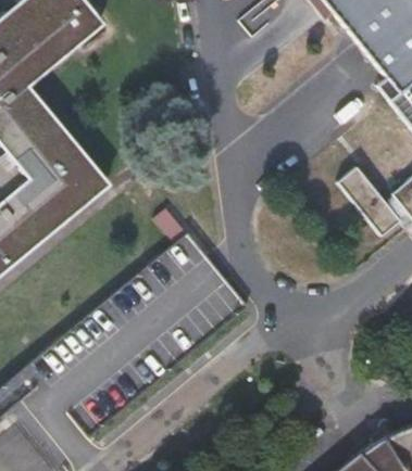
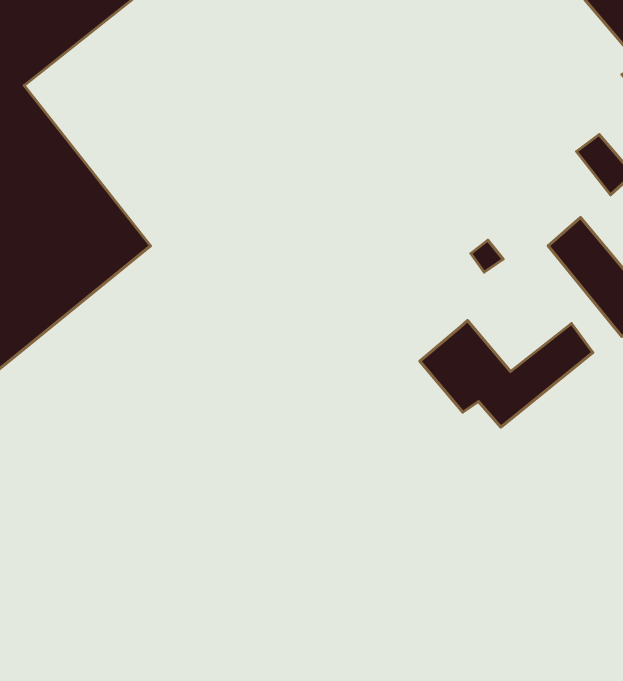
building: none -> [420,321,593,427]

